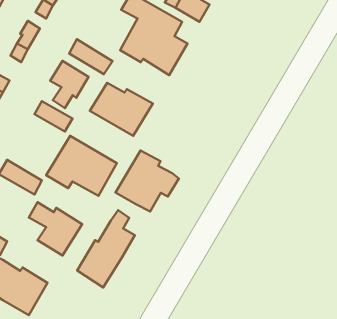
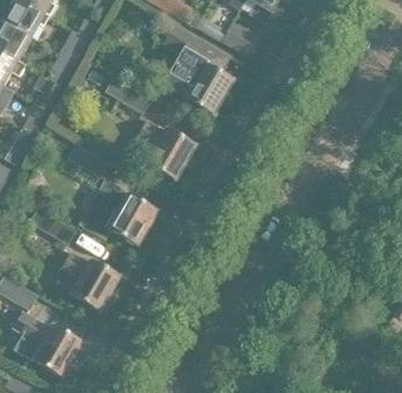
building: [50,61,89,108] -> none
building: [116,150,179,212] -> none
building: [77,210,135,287] -> none

